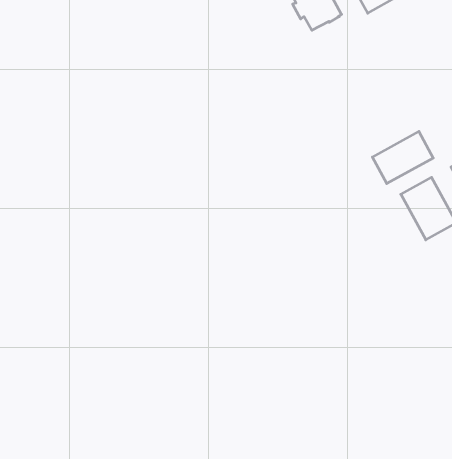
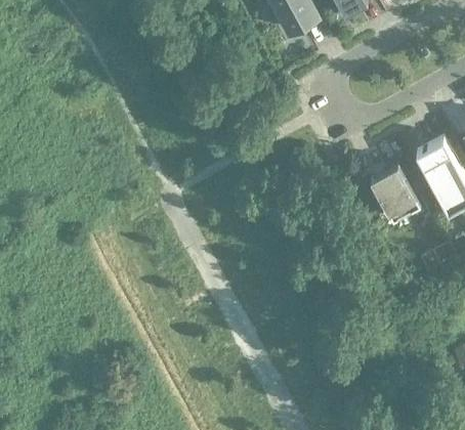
building: [372,131,433,184] -> none

